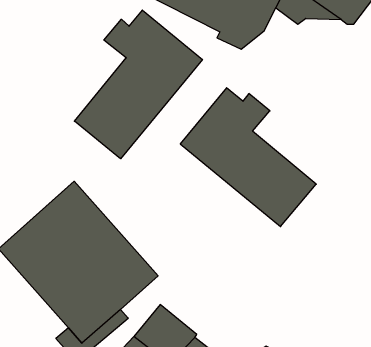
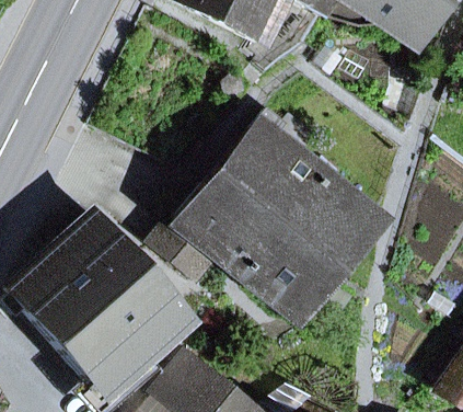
building: [74,10,202,159] -> none
building: none -> [151,172,332,313]

